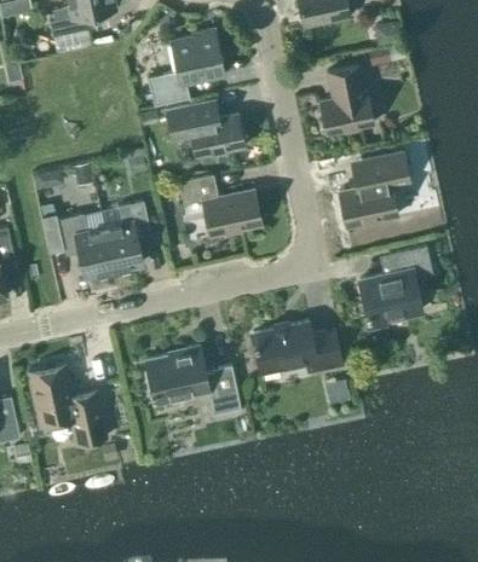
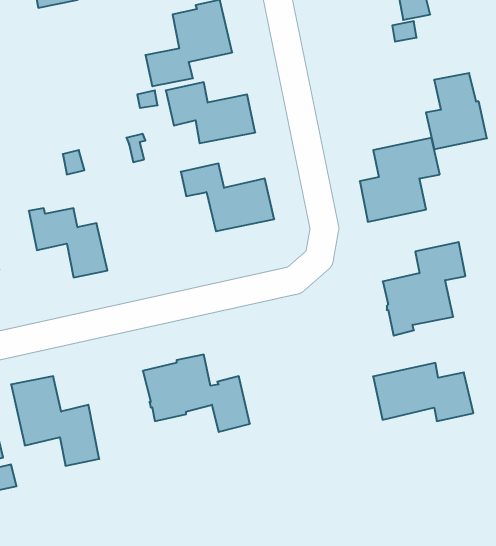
building: [319,66,374,134] -> [426,73,487,149]
building: [104,202,150,271] -> none
building: [253,321,342,373] -> [373,363,473,421]

